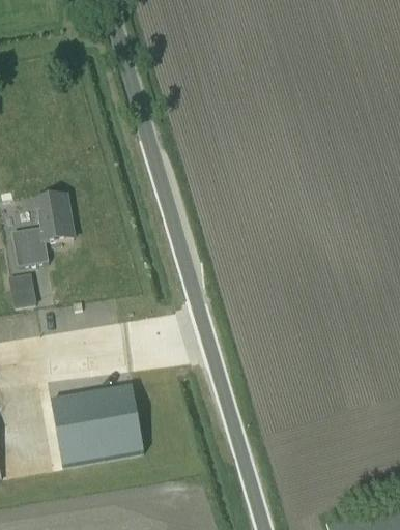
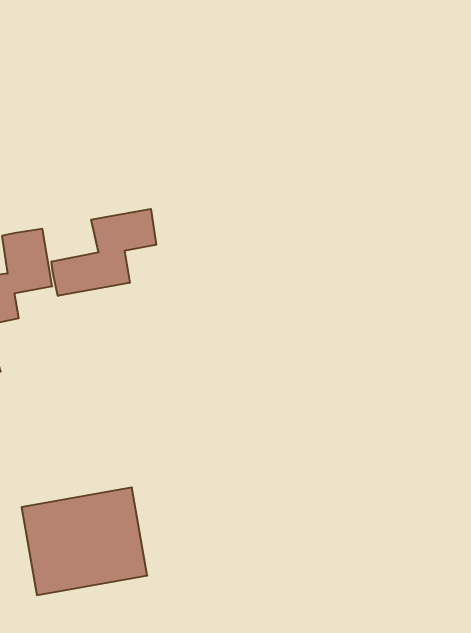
building: none -> [52,209,156,296]

